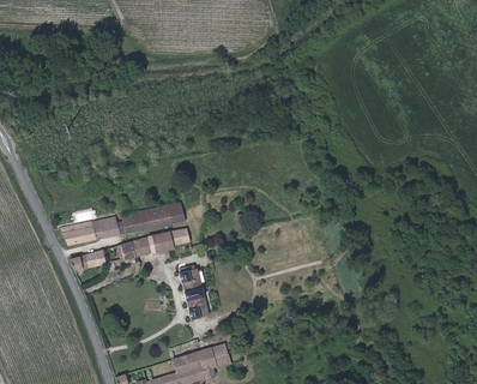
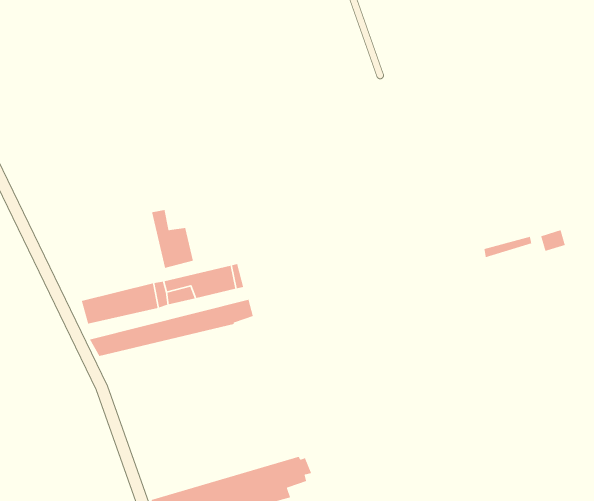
building: none -> [151,209,194,269]
building: [179,264,209,320] -> none

